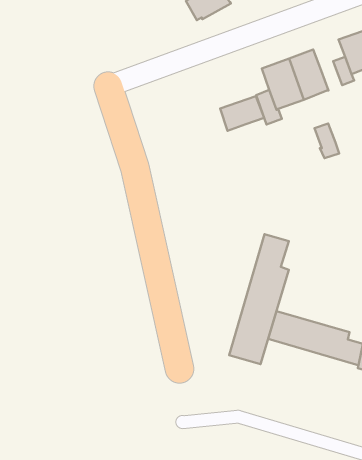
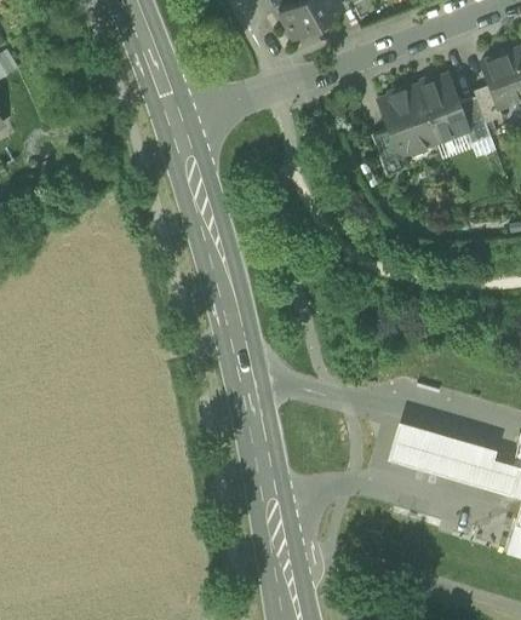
building: [220,96,264,131] -> none
building: [314,123,339,158] -> [458,97,491,143]
building: [229,234,289,364] -> none

